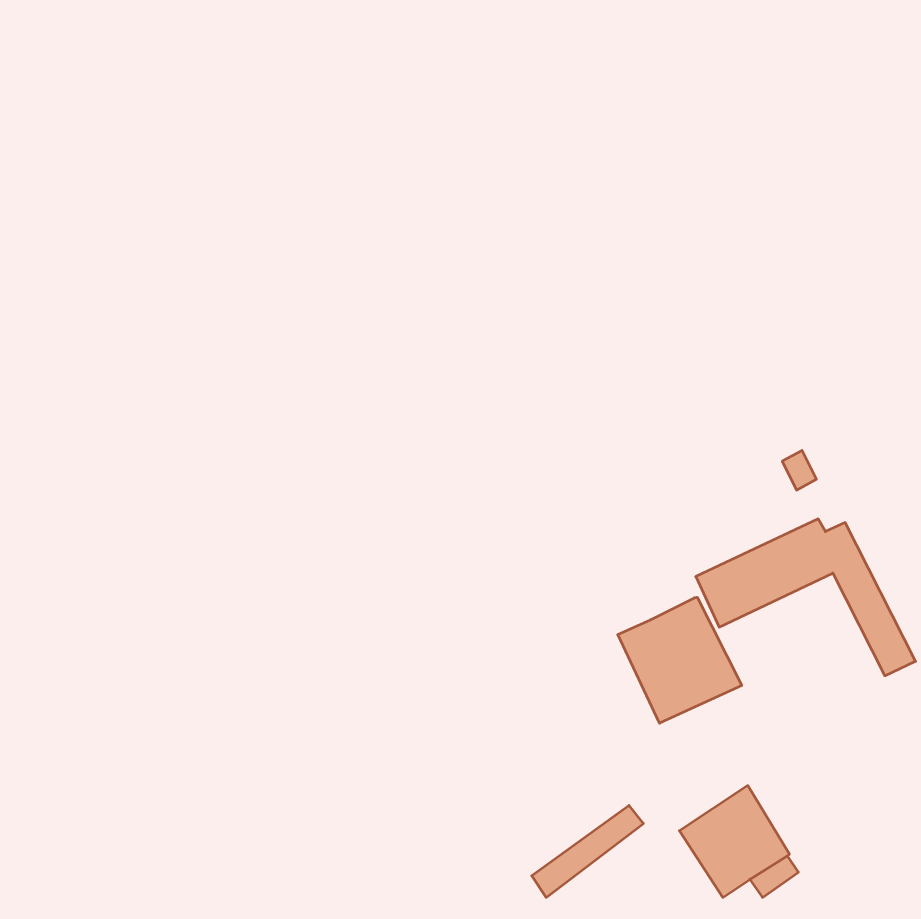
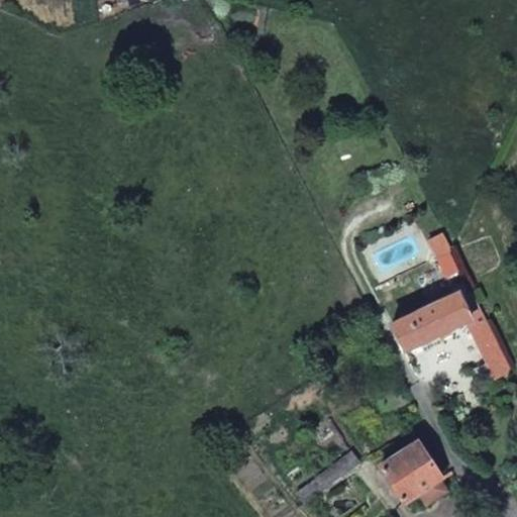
building: [618,597,742,723] -> none

